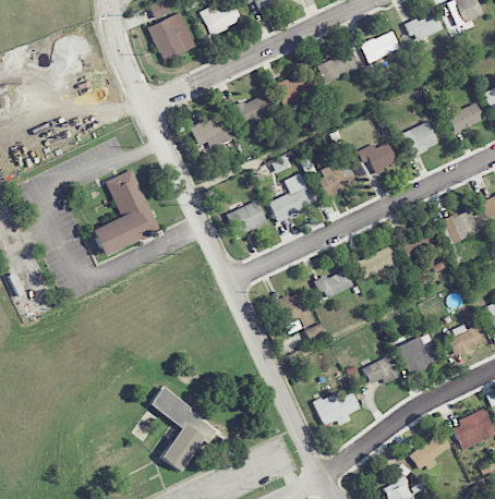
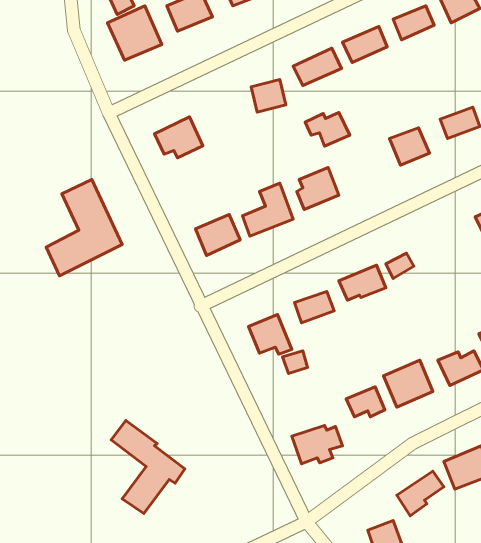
building: [231,96,268,129] -> none
building: [358,143,398,173] -> [305,112,350,146]
building: [445,208,480,243] -> none

